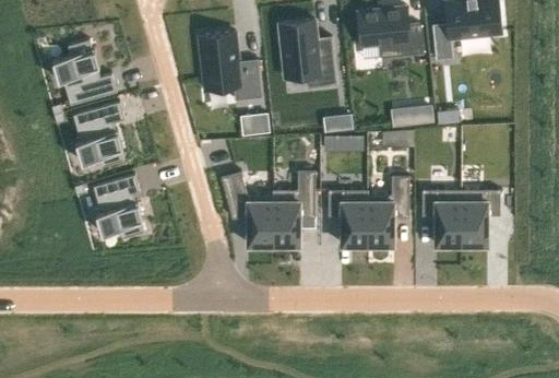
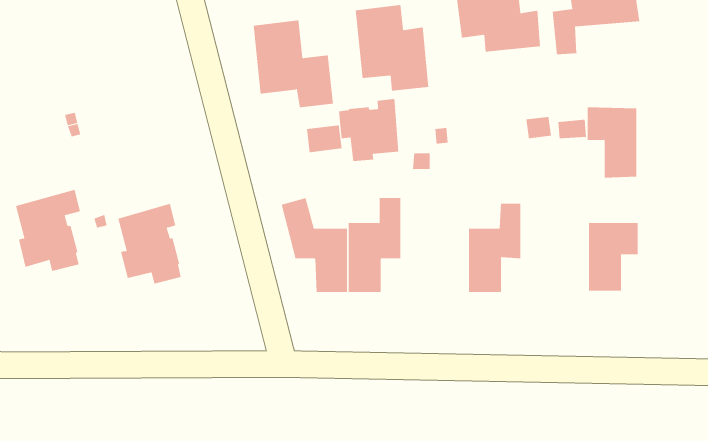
building: [52,40,117,106] -> none
building: none -> [338,98,399,162]
building: [73,103,124,167] -> [15,189,81,272]
building: [328,190,367,246] -> none
building: [421,190,461,246] -> [587,107,637,178]

